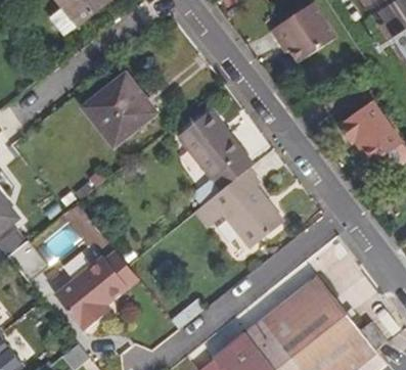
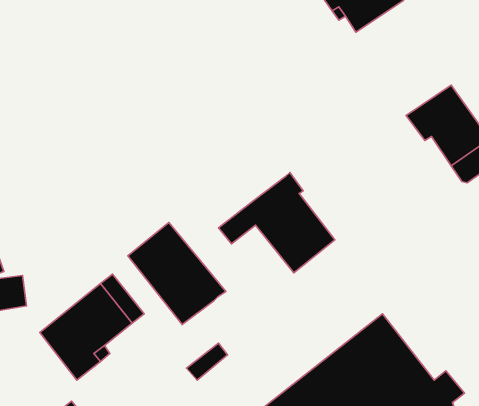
building: [85,75,155,144] -> none
building: [178,111,254,190] -> [128,223,226,325]

